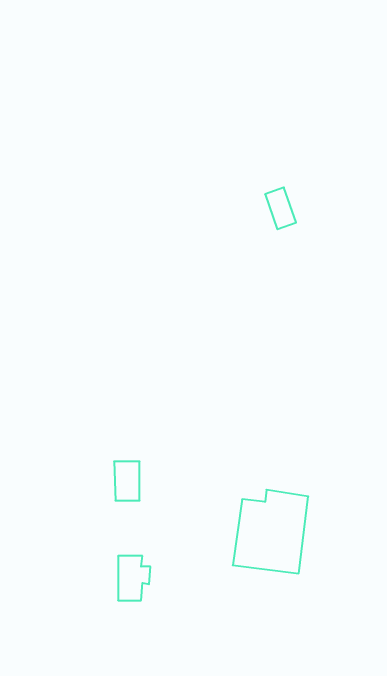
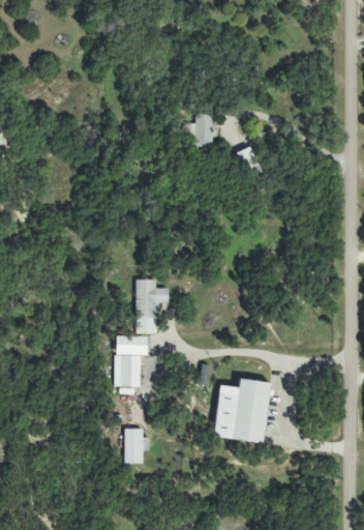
building: none -> [187,113,216,146]
building: none -> [135,278,168,319]
building: none -> [115,335,147,355]

